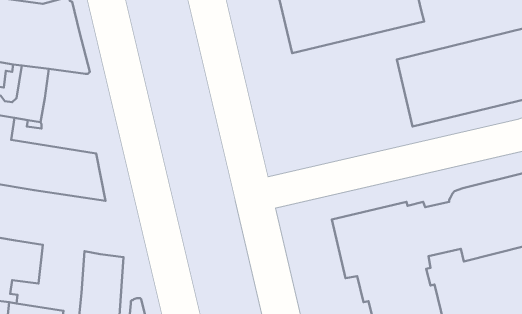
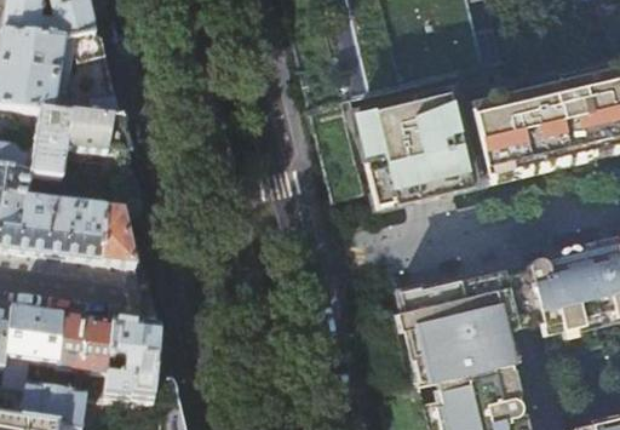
building: none -> [355,90,470,206]
building: none -> [64,113,111,153]
building: none -> [57,316,110,372]

